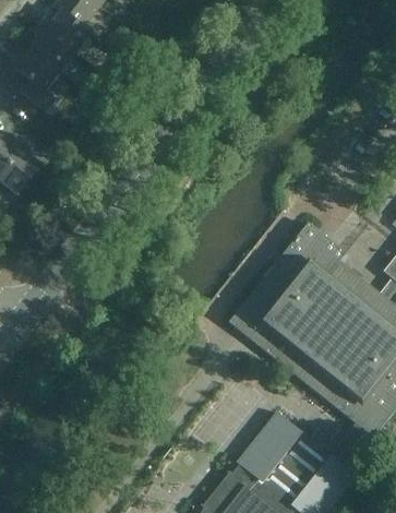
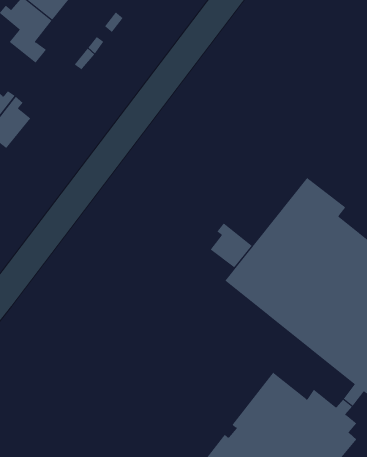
building: none -> [210,222,253,268]

